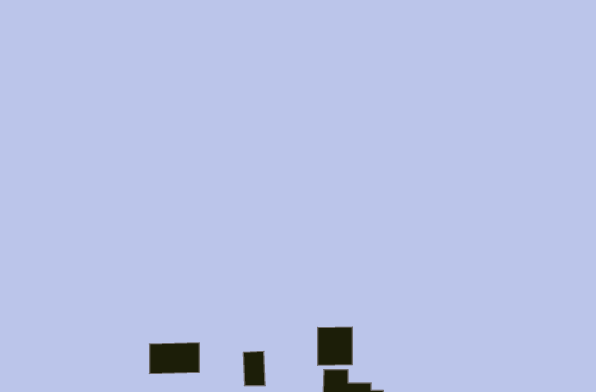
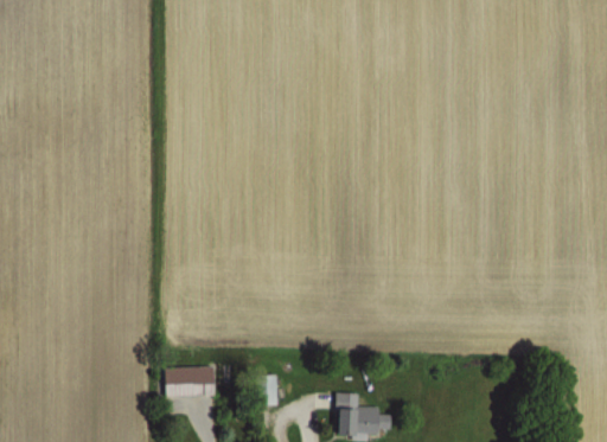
building: [318,327,352,365] -> none

